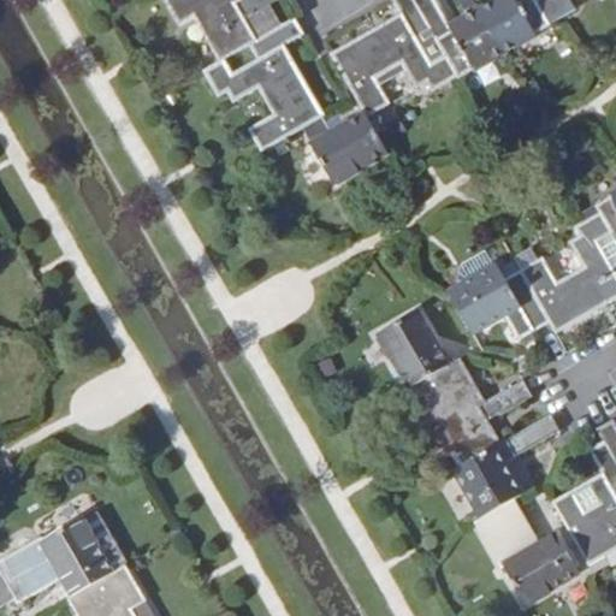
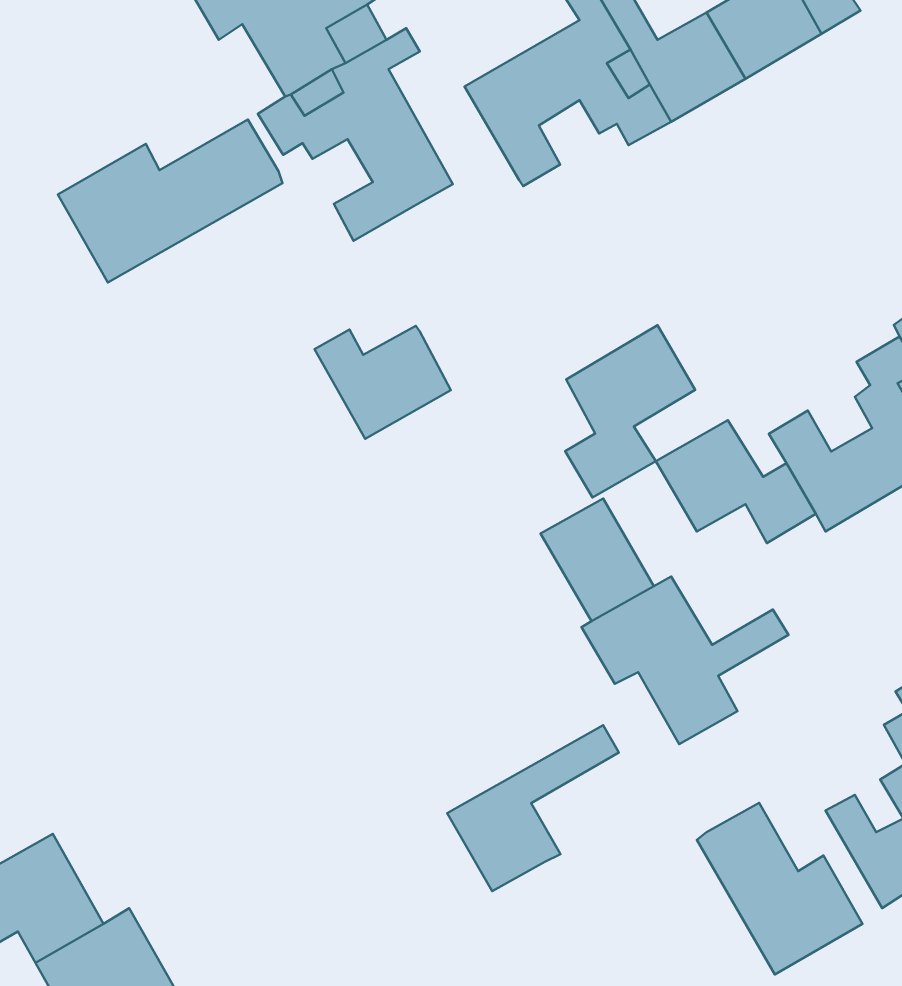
building: none -> [58,120,283,283]
building: [303,113,387,183] -> [314,326,451,439]
building: none -> [565,325,695,497]
building: [454,413,559,515] -> [447,725,619,891]

